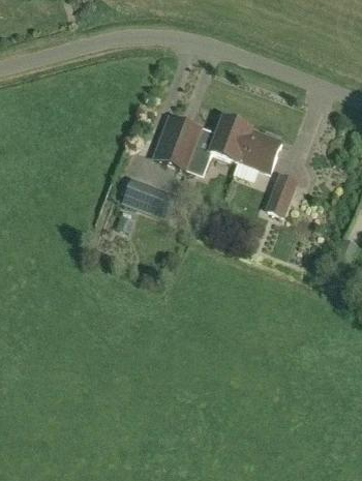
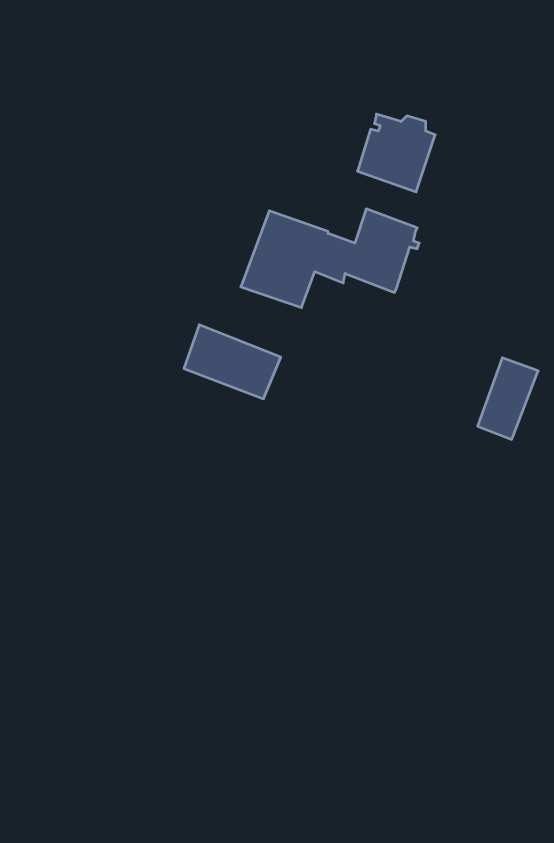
building: [240,129,282,172] -> [357,114,435,192]
building: [264,173,297,217] -> [478,358,538,439]

